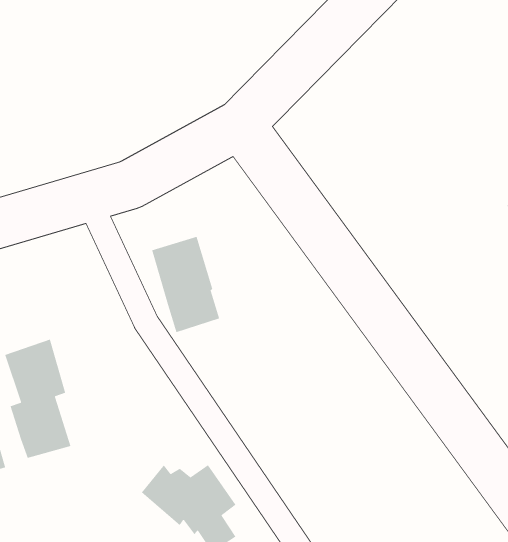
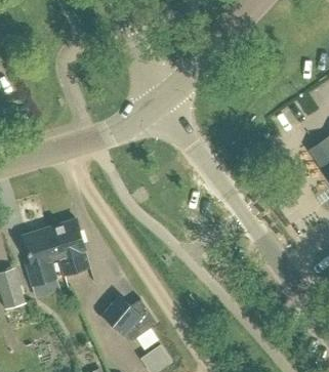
building: [151,236,220,333] -> [49,218,89,275]

